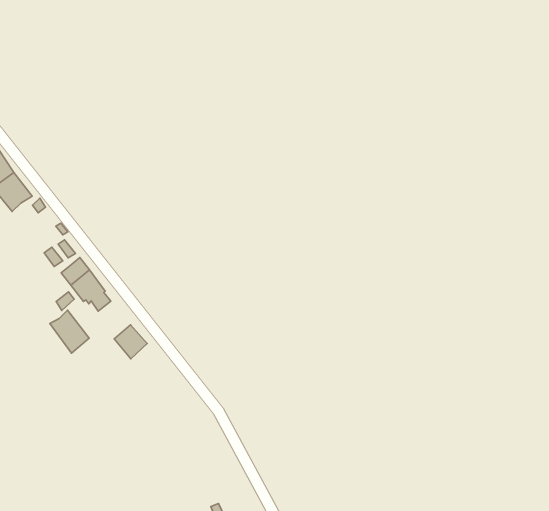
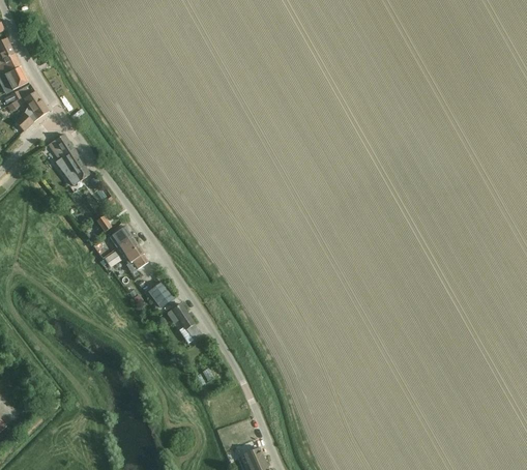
building: [50,310,89,353] -> none
building: none -> [166,304,200,341]

